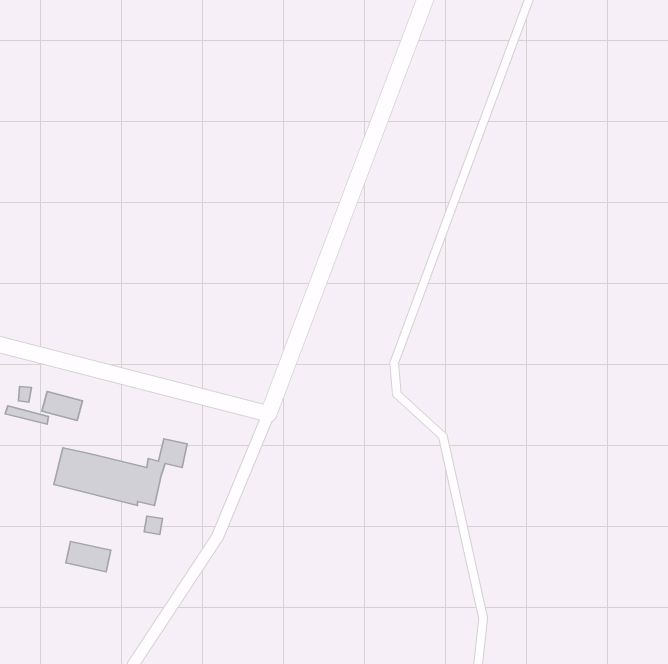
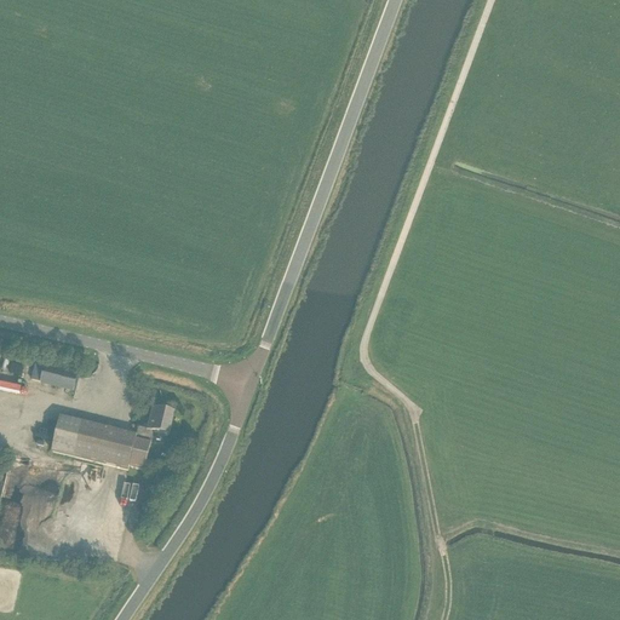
building: [66,541,111,572] -> none

